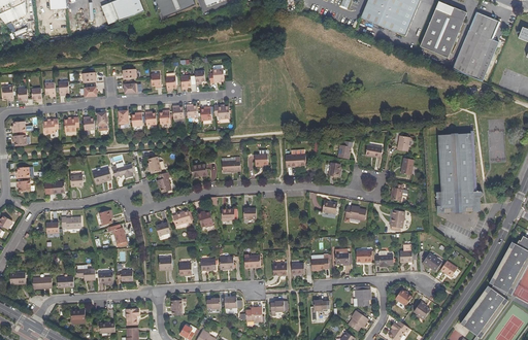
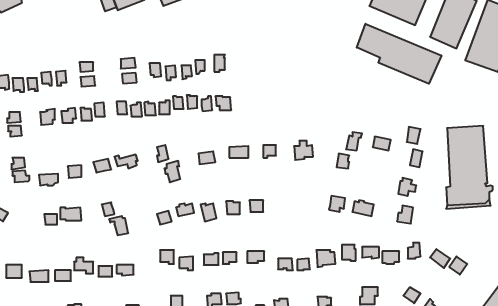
building: none -> [357,24,441,84]

